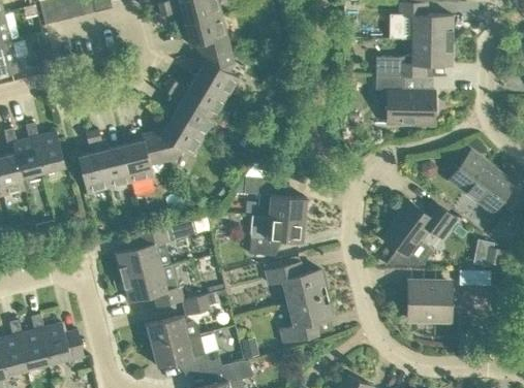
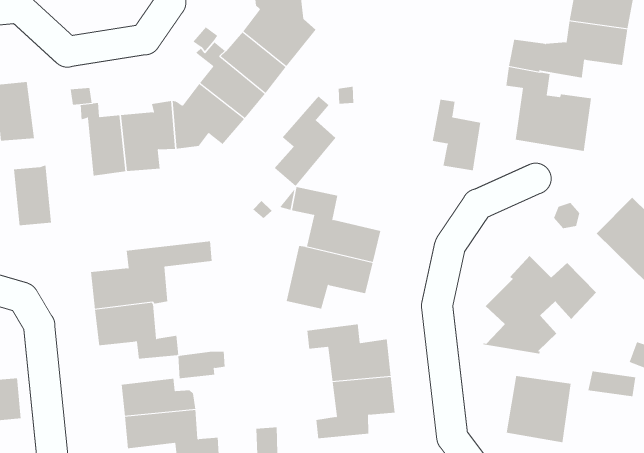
building: none -> [432,99,481,171]
building: none -> [274,96,336,187]
building: [78,151,109,194] -> [13,165,52,226]

